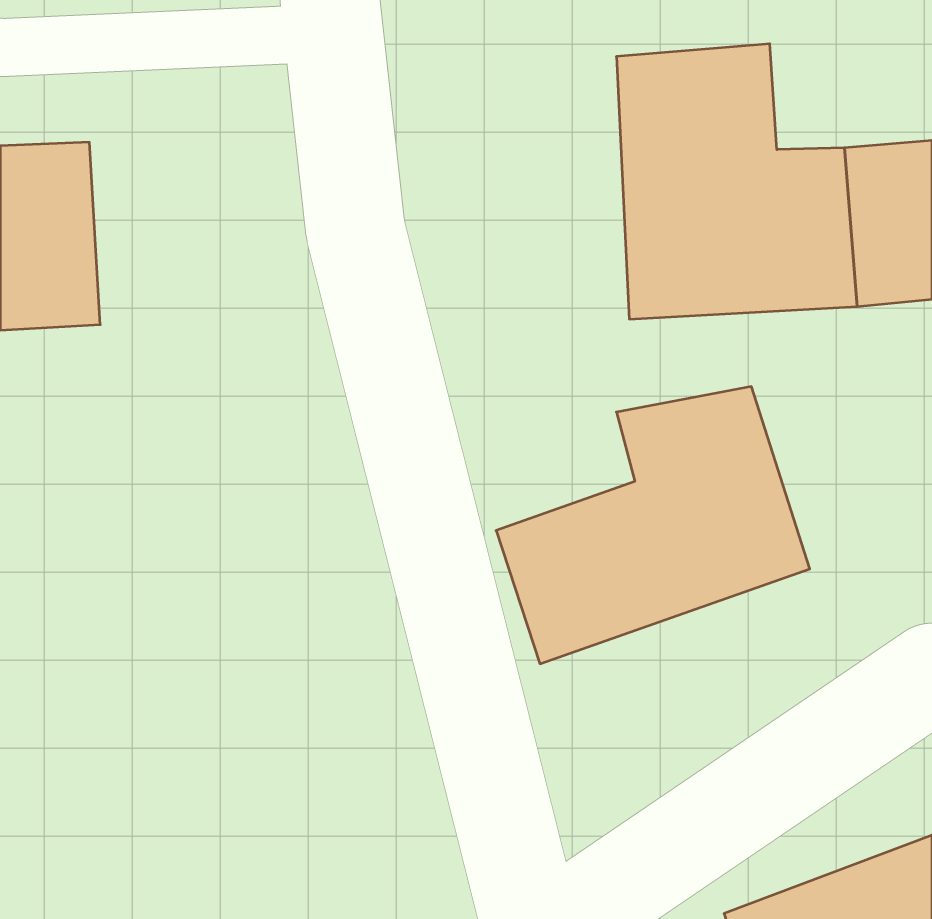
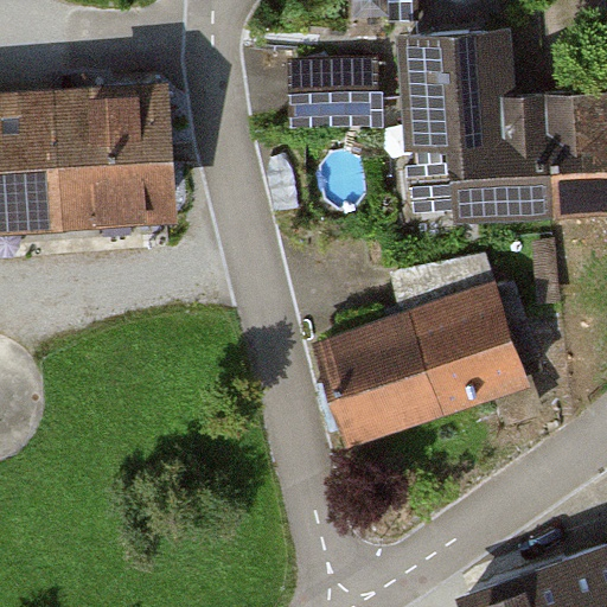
building: none -> [296,56,384,129]
building: none -> [58,95,171,219]

